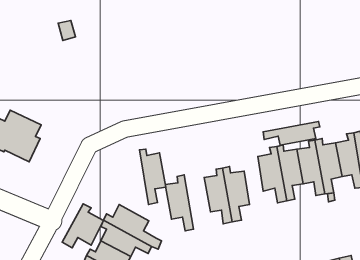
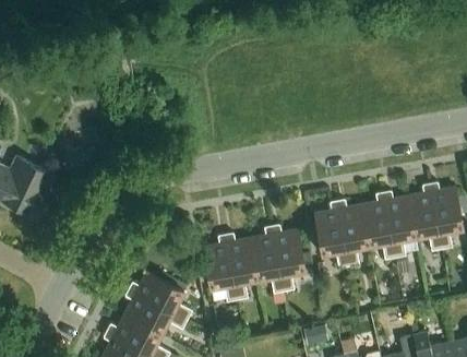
building: [263,121,320,145] -> none
building: [139,149,166,204] -> [226,233,258,299]
building: [62,204,103,248] -> none

